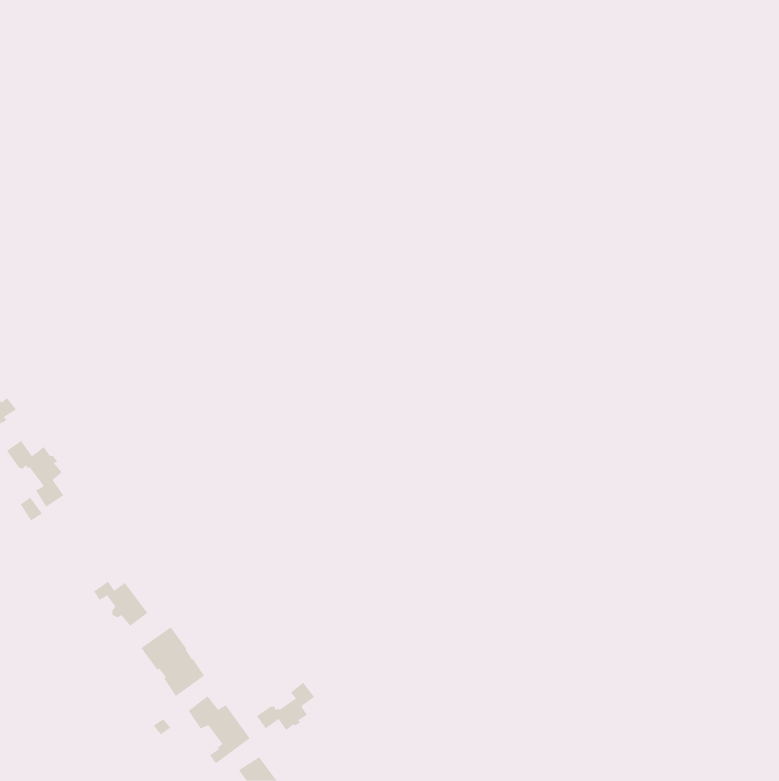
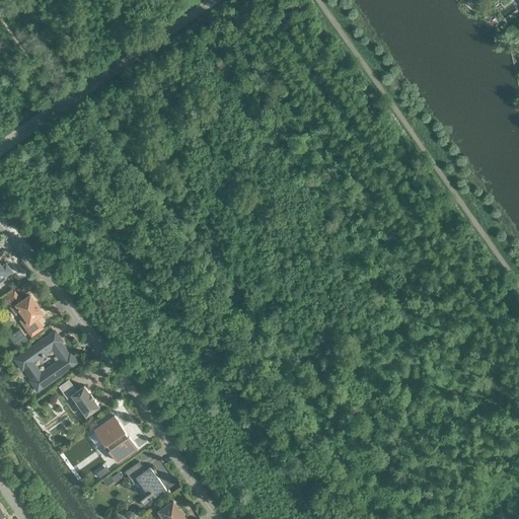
building: none -> [14,331,76,391]
building: [256,682,315,731] -> none

